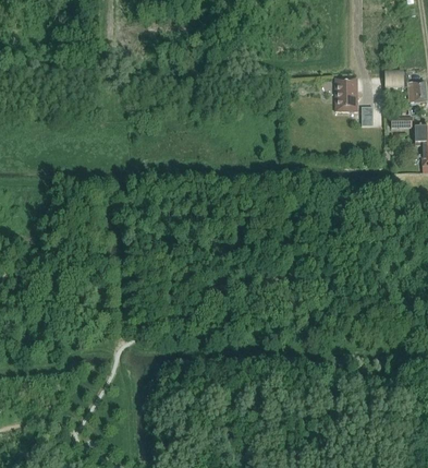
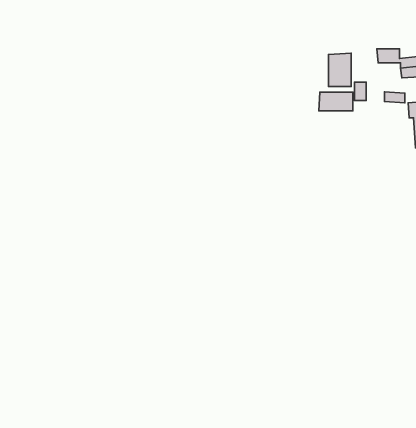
building: none -> [319,92,353,111]

